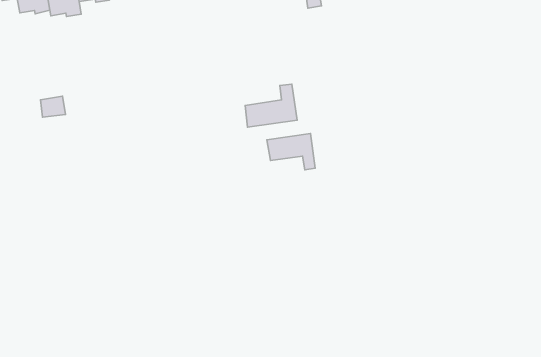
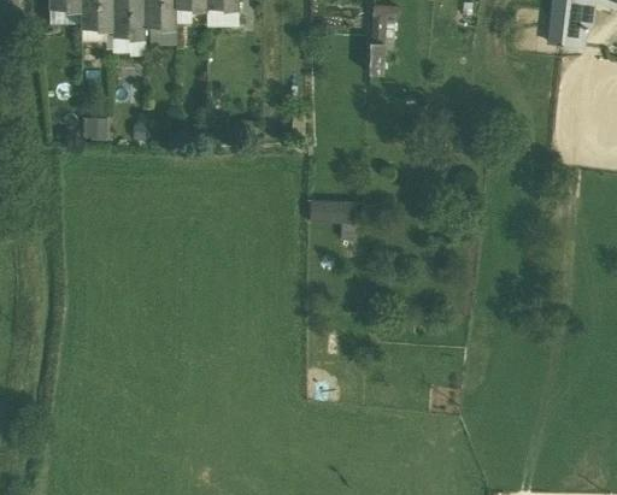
building: [245,84,297,127] -> none

